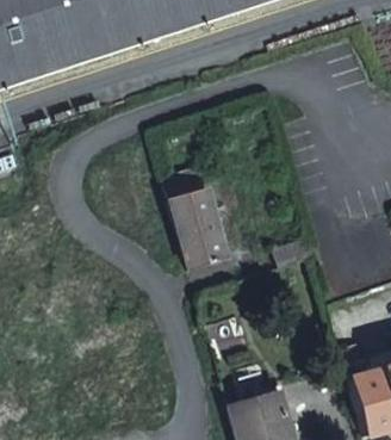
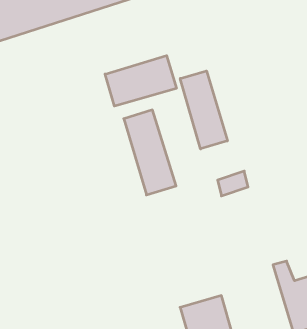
building: none -> [105,56,176,106]
building: none -> [180,71,227,149]

